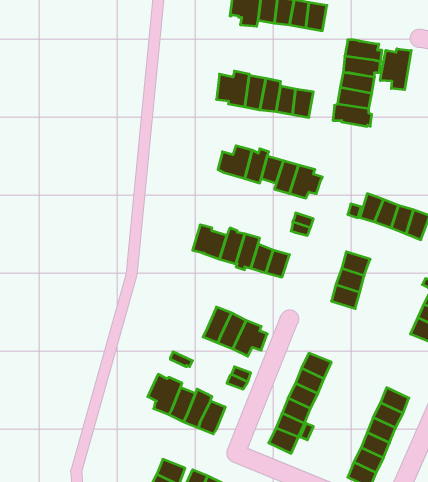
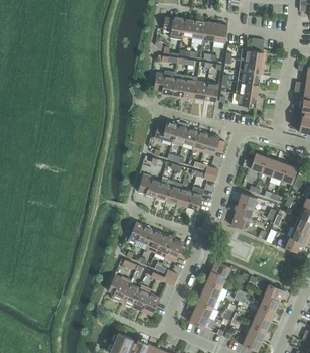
building: [380,49,411,90] -> none
building: none -> [127,221,153,244]

